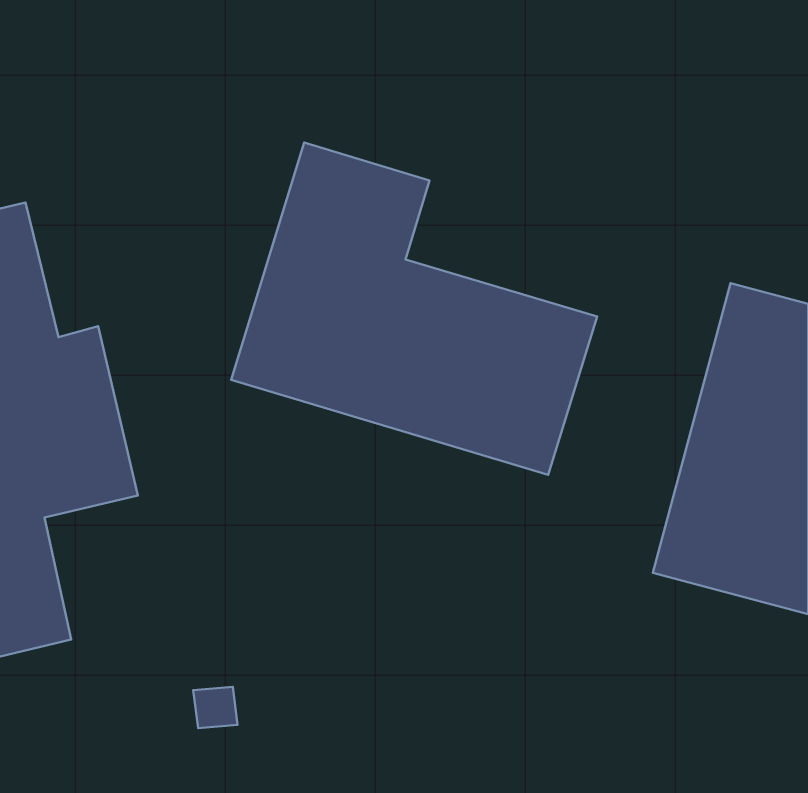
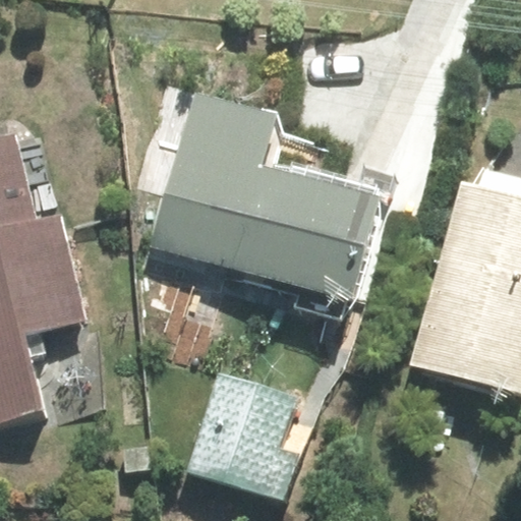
building: none -> [183,373,295,497]

